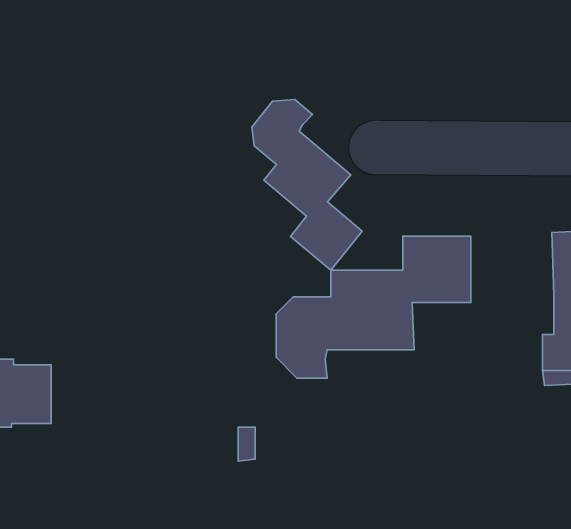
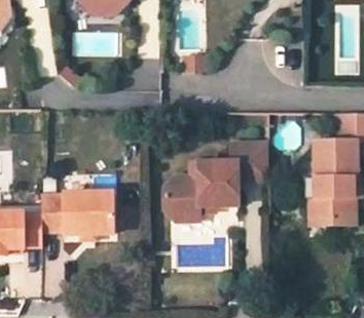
building: [252,99,362,270] -> none
building: none -> [43,190,115,234]

